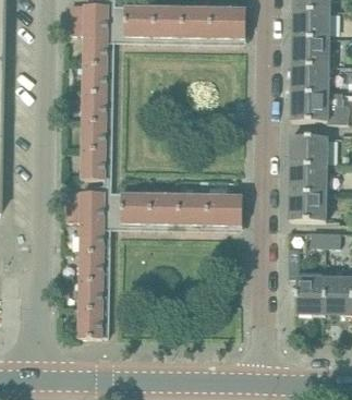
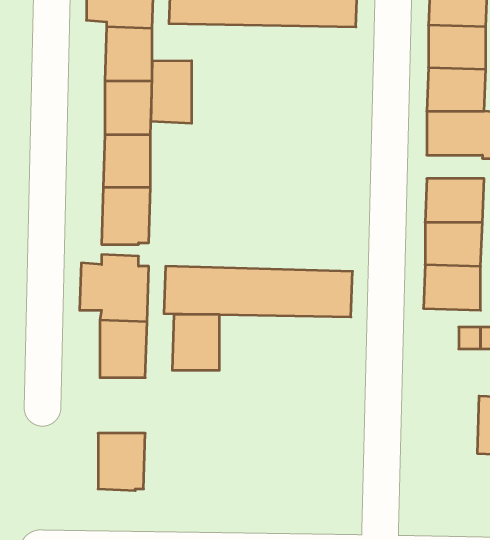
building: none -> [151,61,192,123]
building: [78,265,109,301] -> [172,315,219,370]
building: [295,277,325,314] -> none

